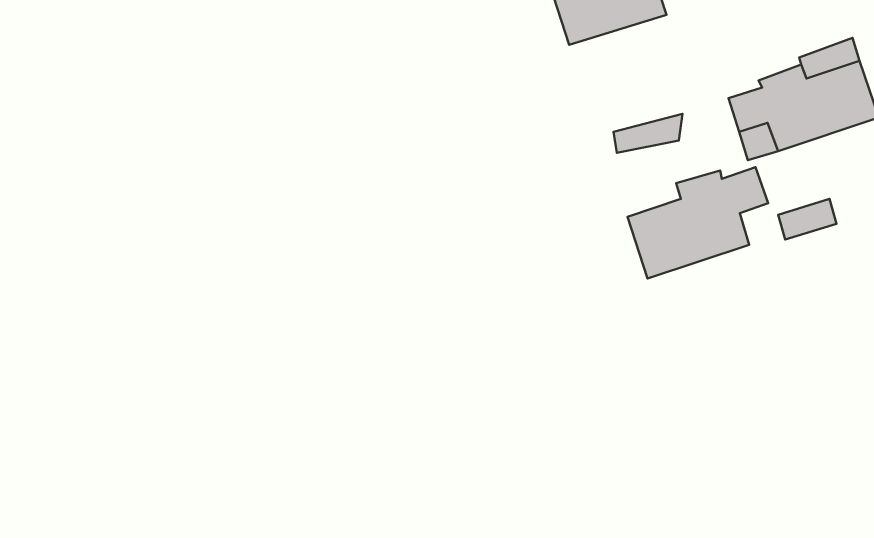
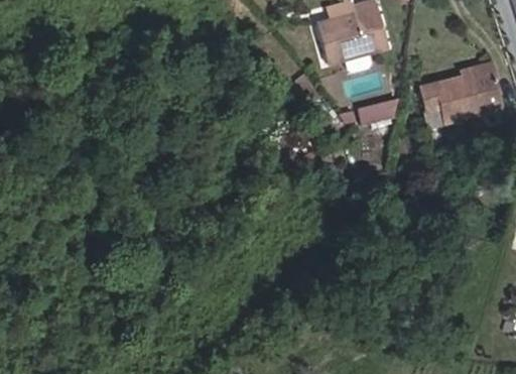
building: [627,167,768,279] -> none

